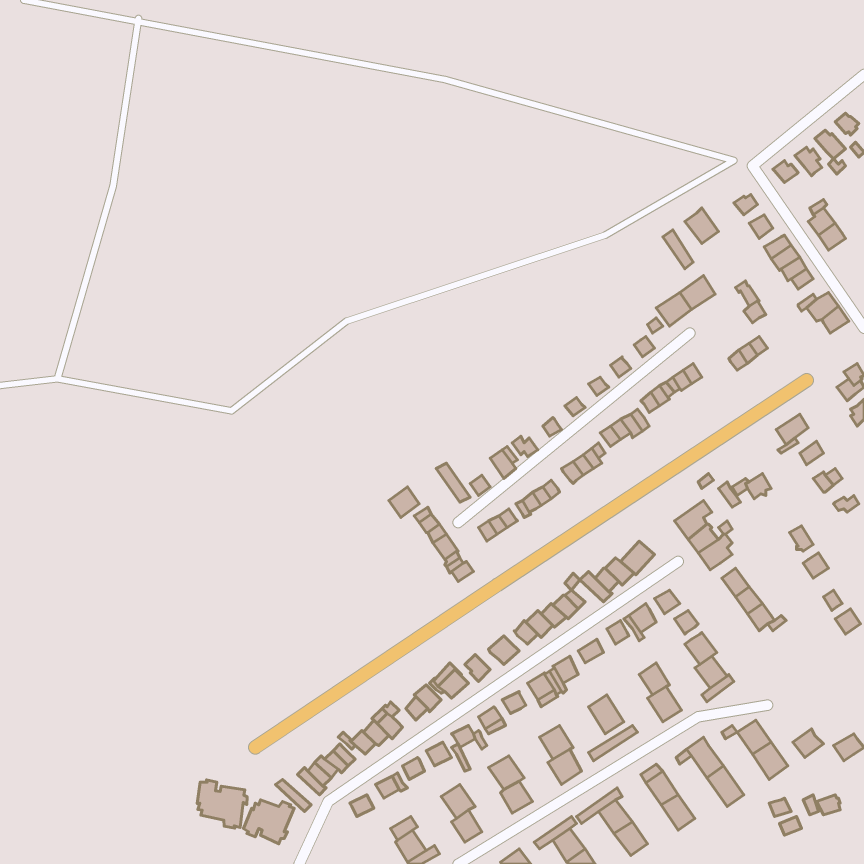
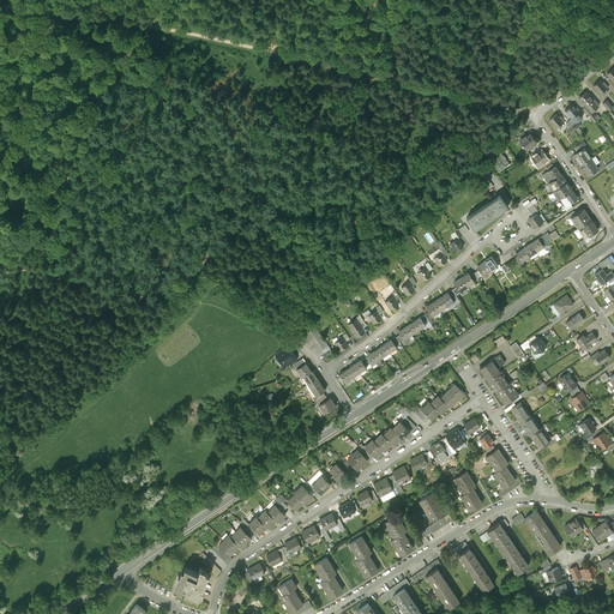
building: [197,780,247,828] -> none

